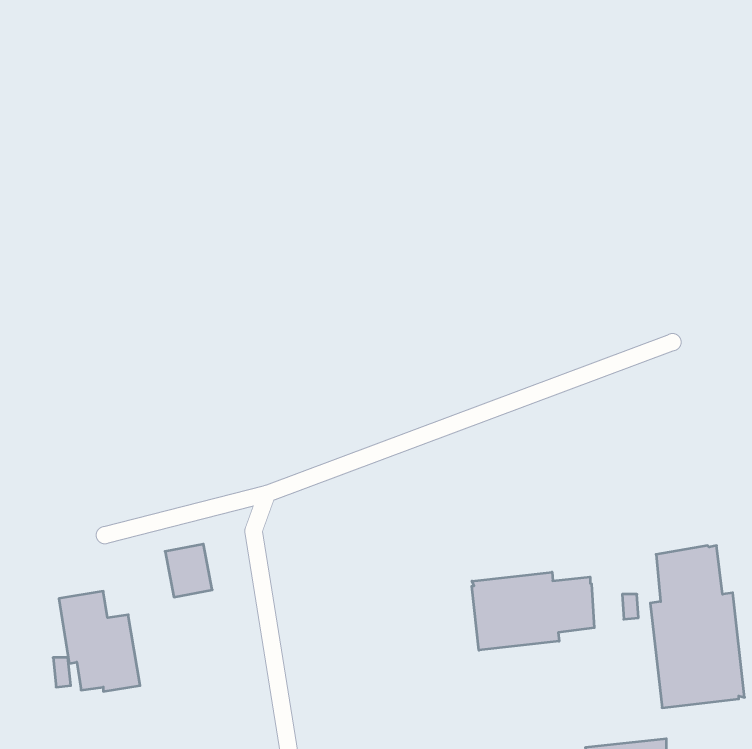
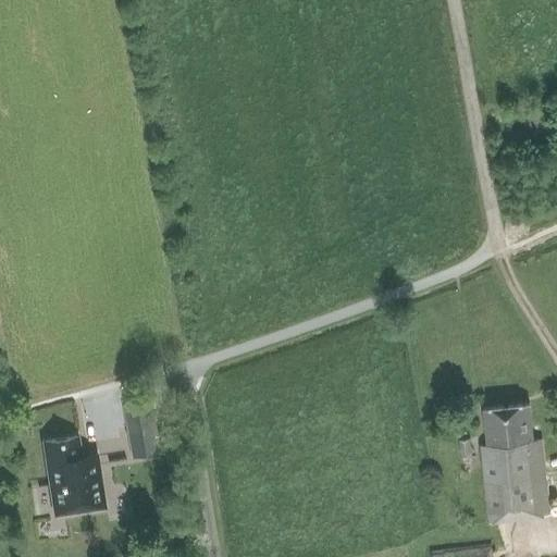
building: [472,572,594,650] -> none

